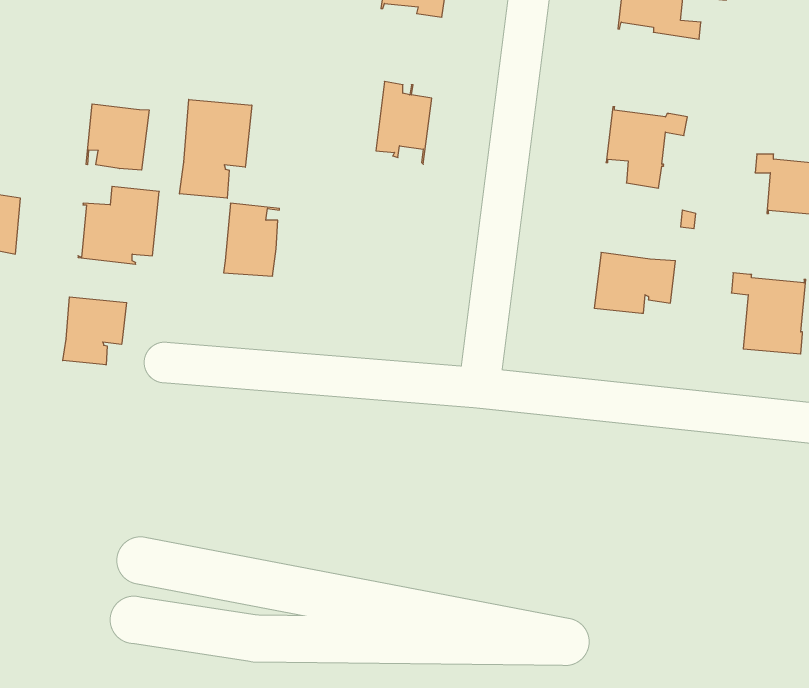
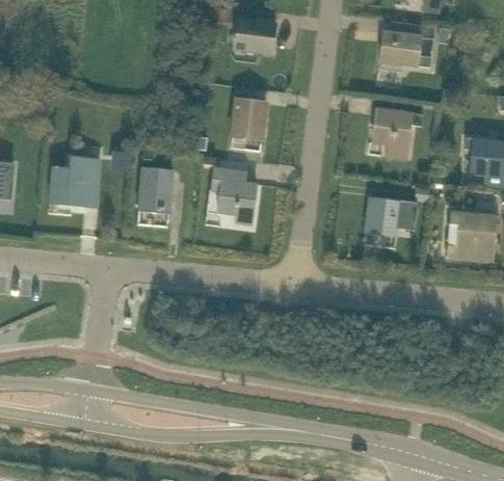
building: [180,99,252,198] -> none
building: [86,104,149,170] -> none
building: none -> [213,169,256,215]
building: [63,297,127,365] -> none

